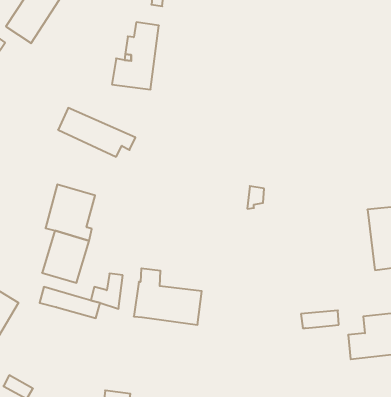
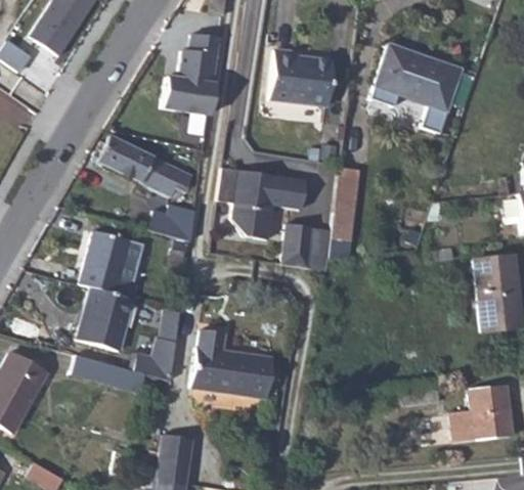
building: none -> [376,41,463,107]
building: none -> [268,47,332,106]
building: none -> [218,167,307,239]
building: none -> [333,167,358,211]
building: none -> [150,205,195,240]
building: none -> [281,224,311,268]
building: none -> [156,439,192,483]

